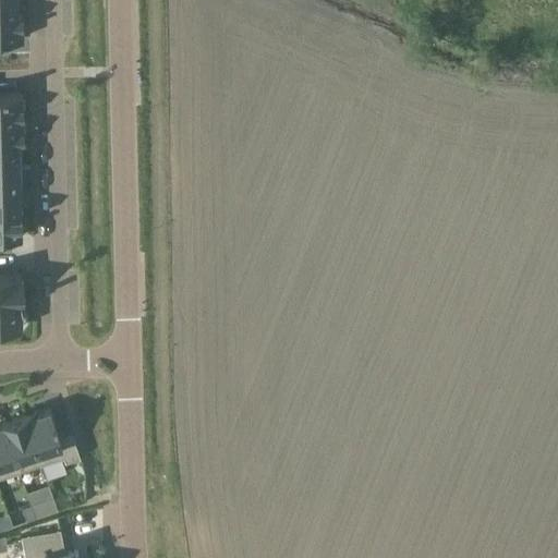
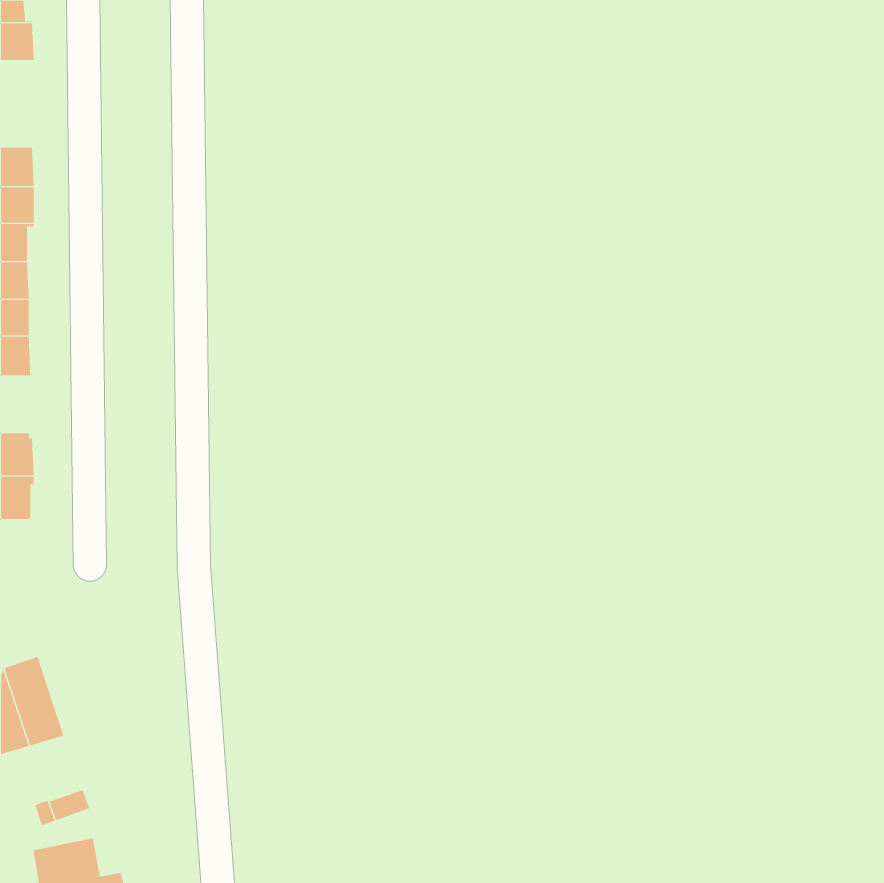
building: [24,410,78,464] -> none

